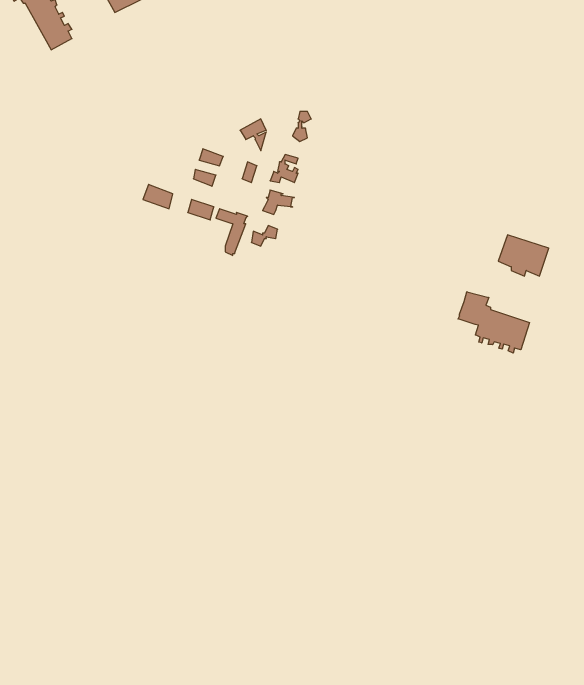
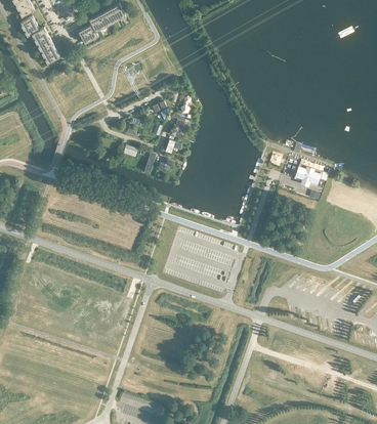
building: [458,292,530,353] -> none

